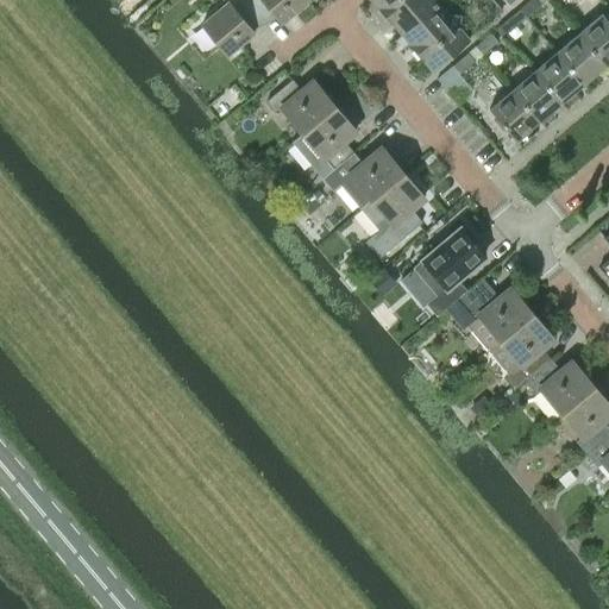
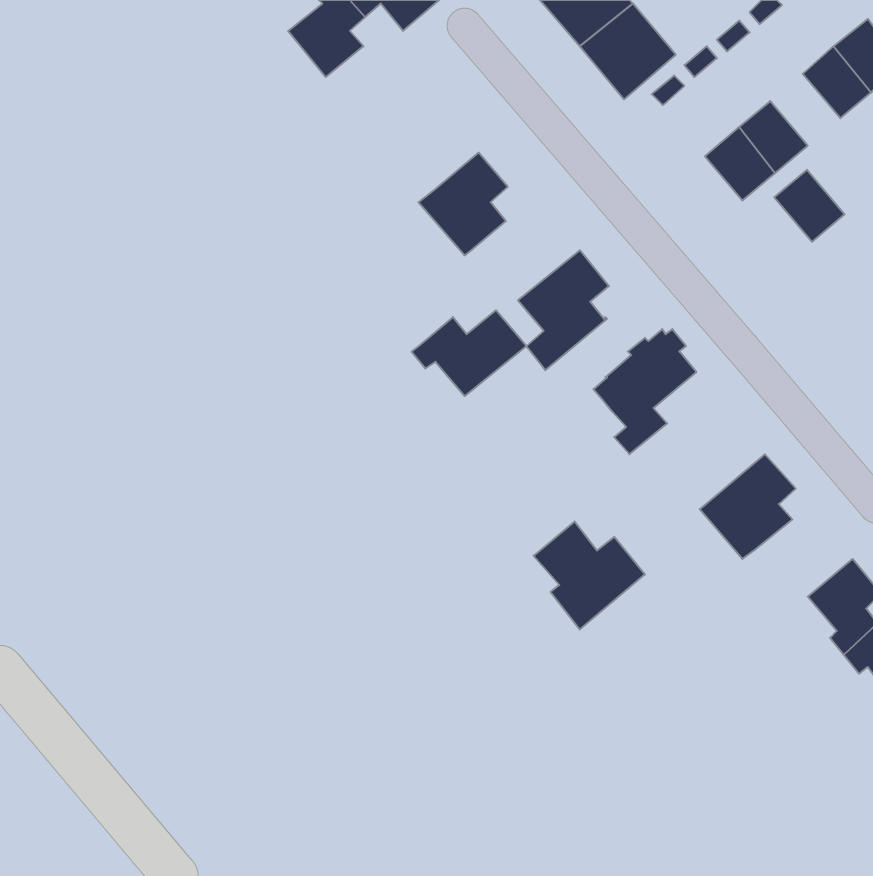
building: [536,51,585,101] -> [774,170,845,242]
building: [268,80,334,132] -> none
building: [325,149,404,208] -> [412,310,527,396]
building: [456,278,533,353] -> [533,521,645,629]
building: [526,360,594,414] -> none

